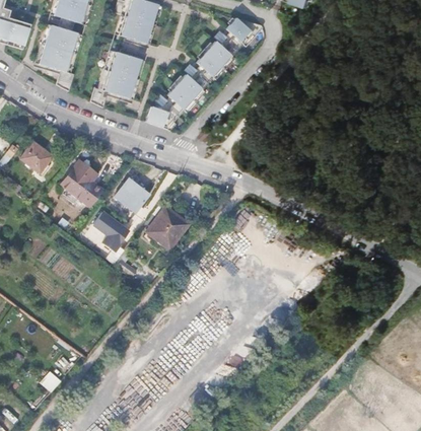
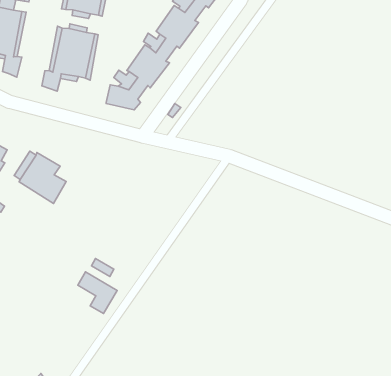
building: [115,177,149,211] -> none
building: [147,206,189,247] -> none
building: [93,212,128,250] -> [78,272,117,313]

